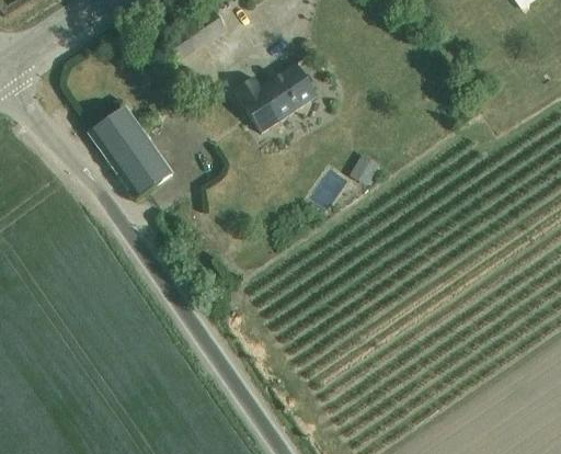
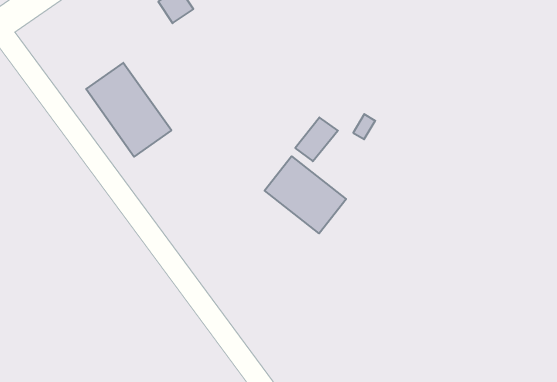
building: [233,61,318,130] -> none
building: none -> [265,156,346,233]

